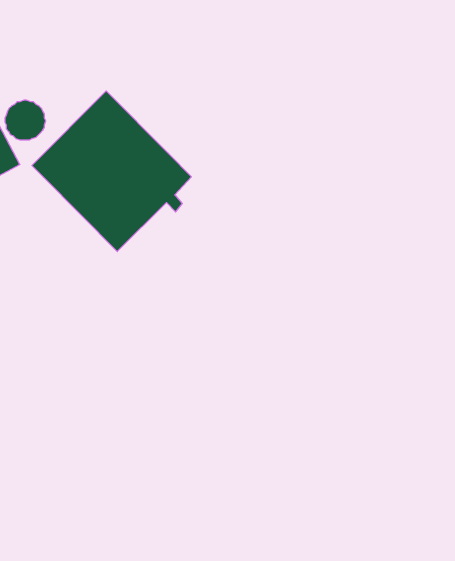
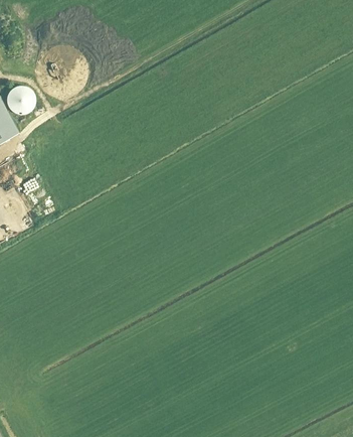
building: [32,91,191,252] -> none

